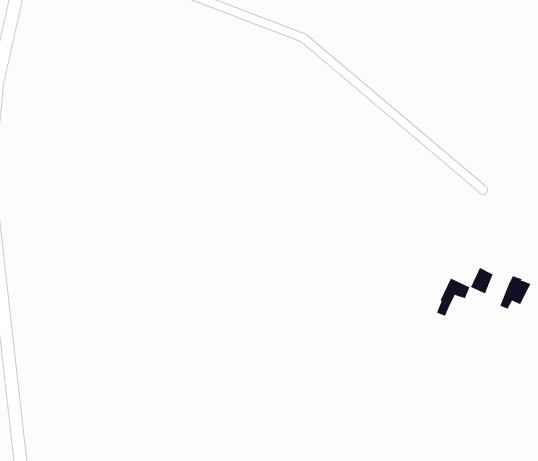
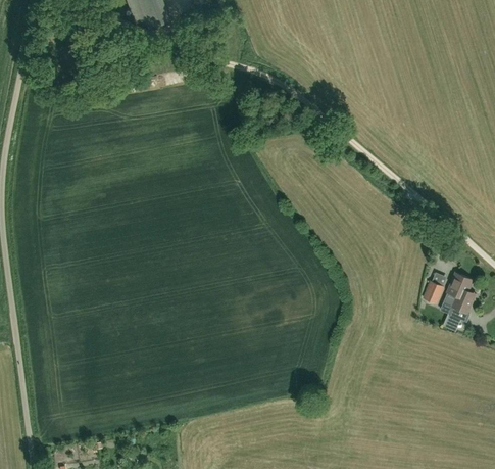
building: [436,278,470,317] -> [444,272,474,306]

